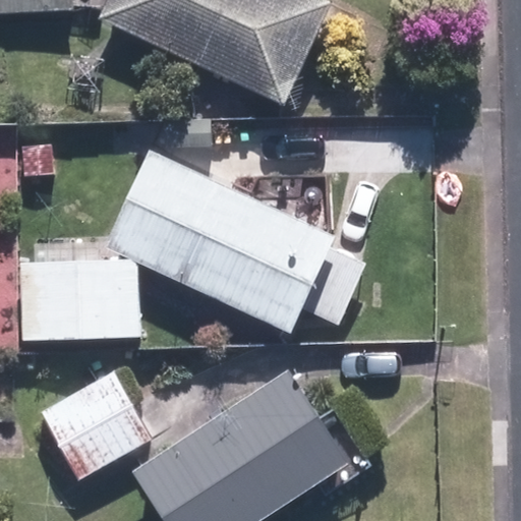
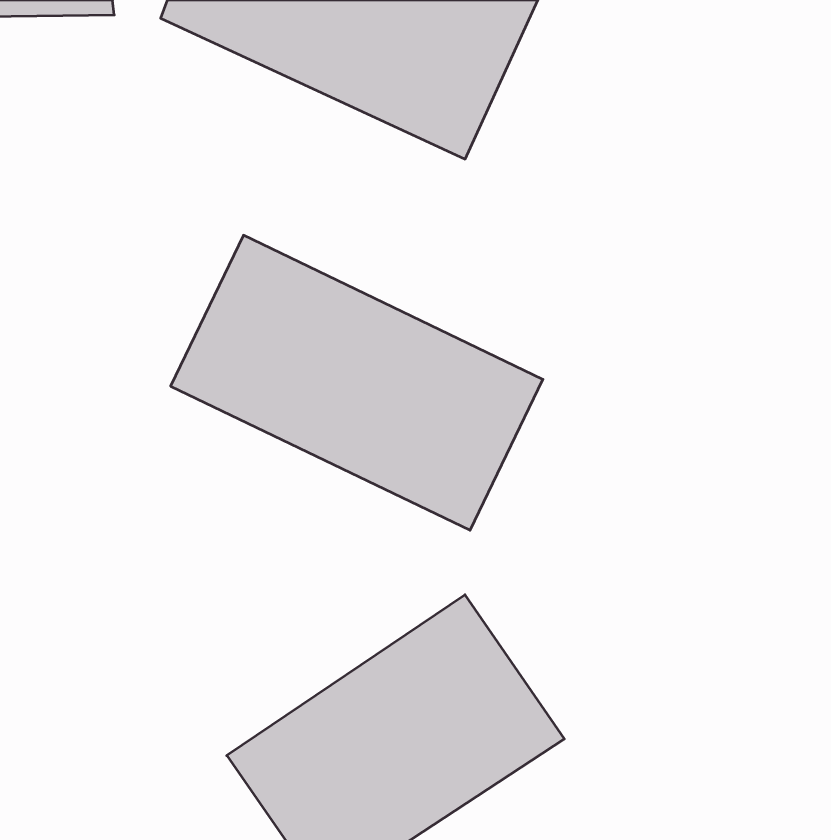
building: [20,263,135,338] -> none
building: [41,375,144,477] -> none

